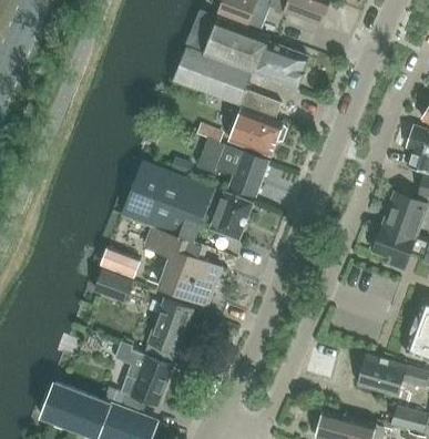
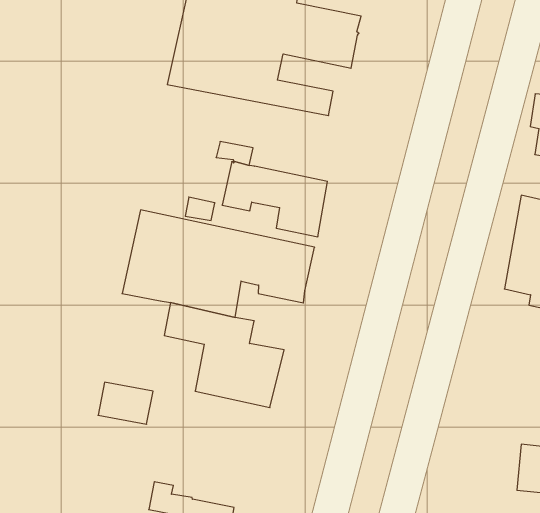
building: [231,108,284,156] -> none
building: [101,248,141,278] -> none
building: [145,299,193,360] -> none

